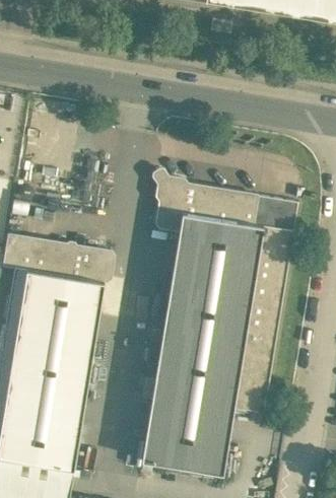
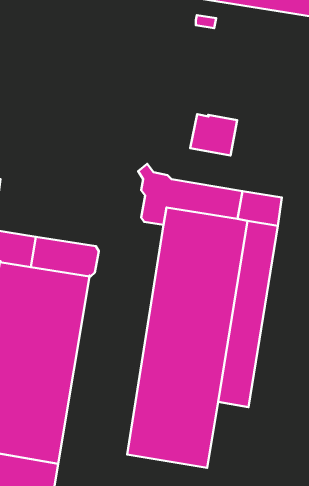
building: none -> [190,114,237,156]

